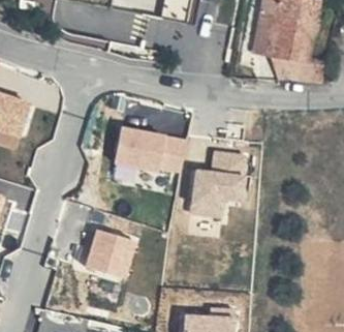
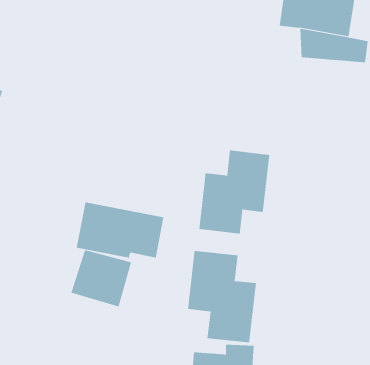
building: [115,126,186,172] -> [76,202,164,258]
building: none -> [187,250,257,343]

